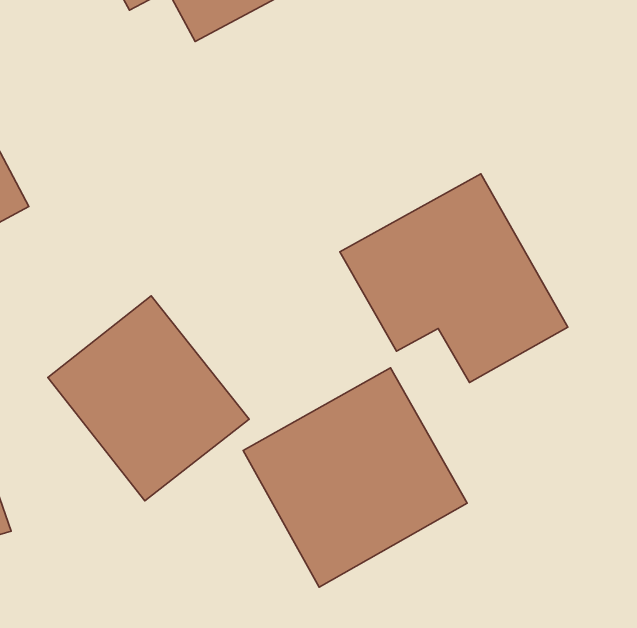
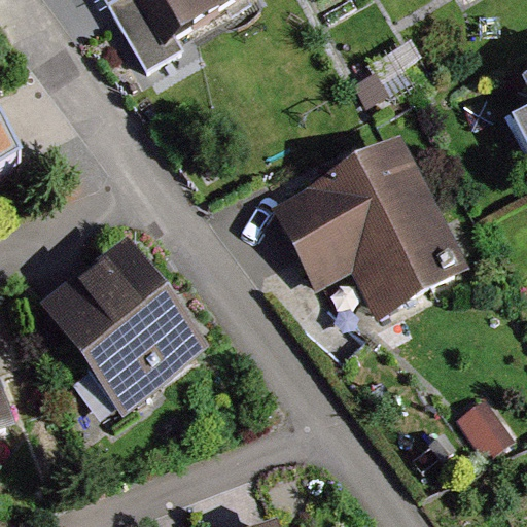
building: [243,368,467,587] -> none

